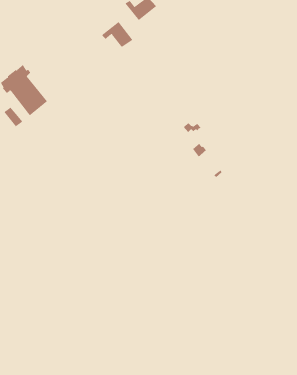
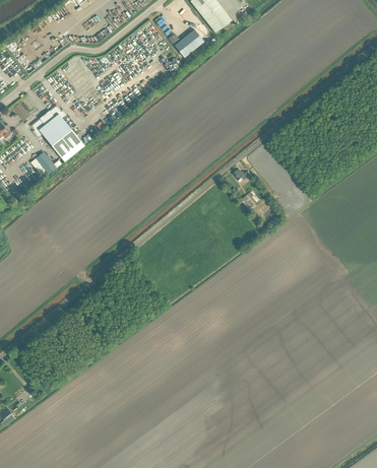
building: [101,21,133,48] -> none

